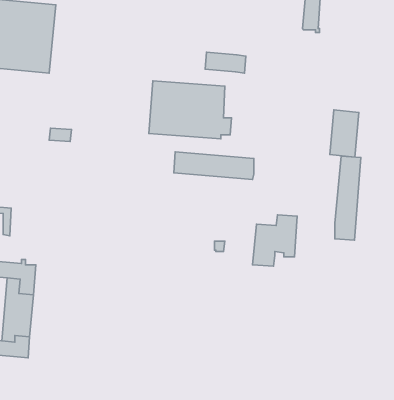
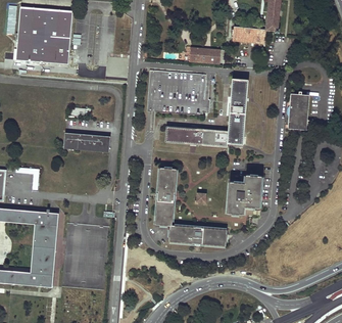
building: none -> [232,27,265,44]
building: [335,156,361,240] -> [227,79,247,144]
building: none -> [63,133,109,151]
building: none -> [155,168,226,246]

